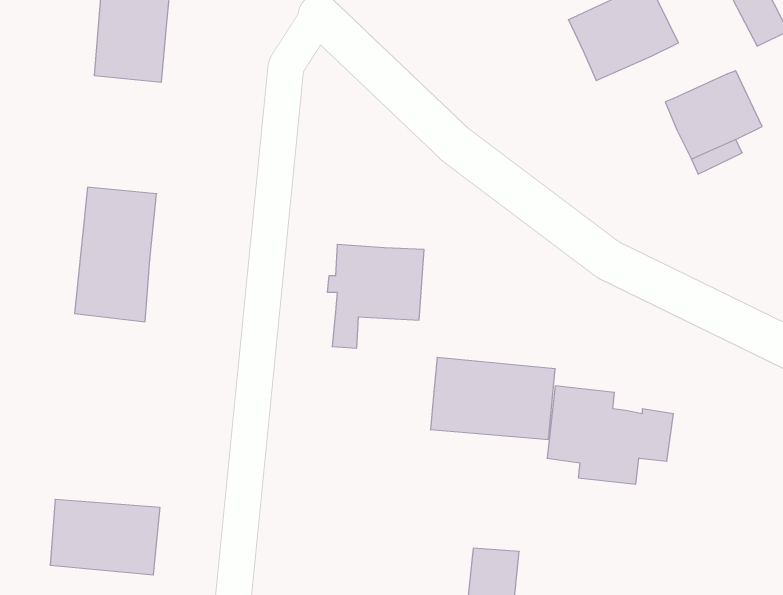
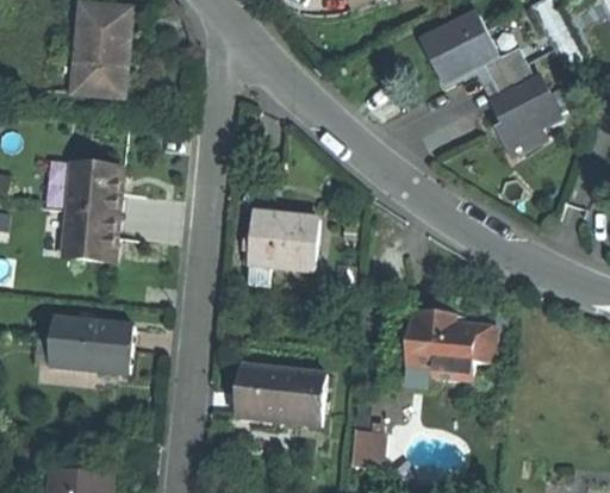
building: none -> [480,52,535,102]
building: [430,357,555,439] -> [234,358,324,418]
building: [50,499,160,575] -> [52,313,132,368]

